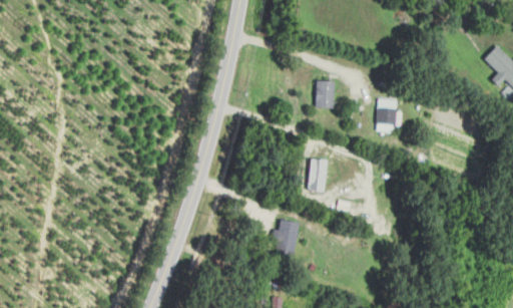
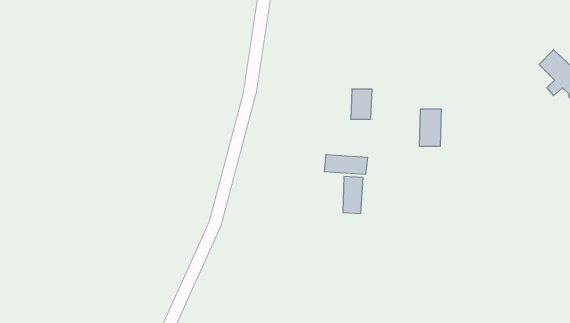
building: none -> [324,154,367,174]
building: [273,220,299,256] -> none

